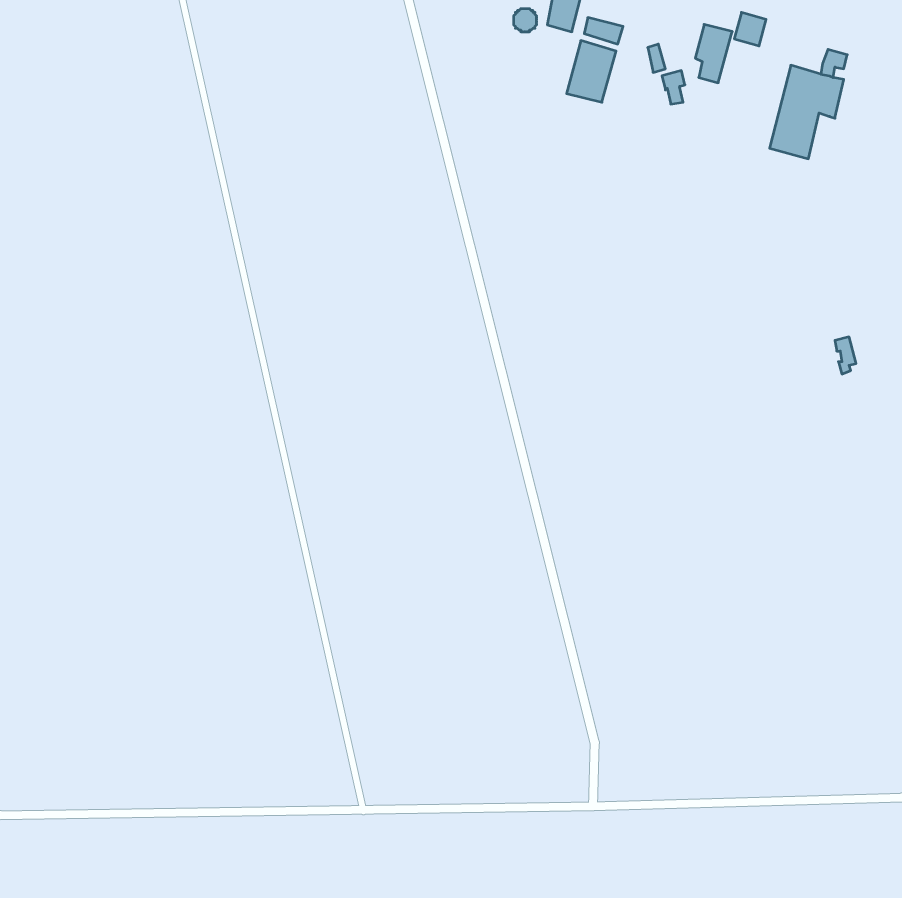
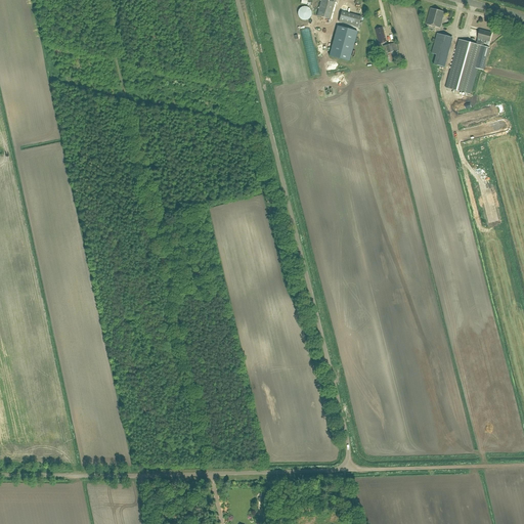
building: [695,24,732,83] -> [432,32,453,66]

